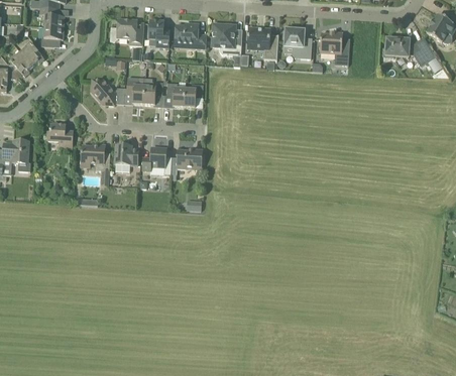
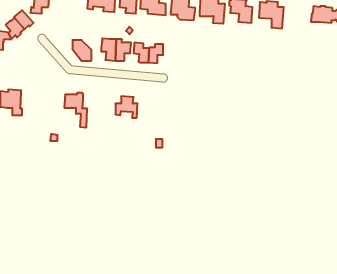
building: [47,121,74,146] -> none
building: [115,144,138,163] -> none
building: [177,148,203,168] -> none

